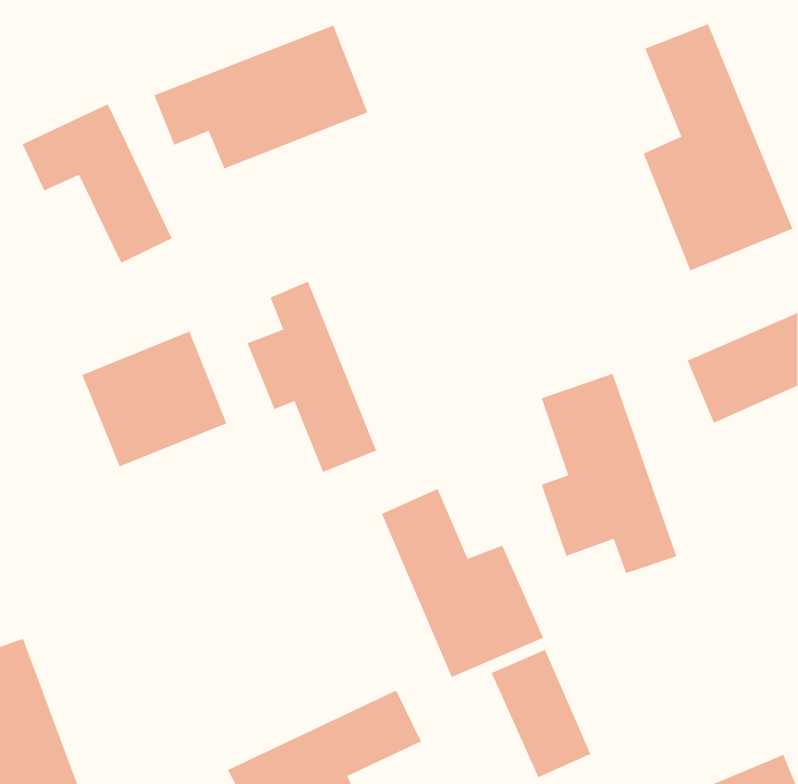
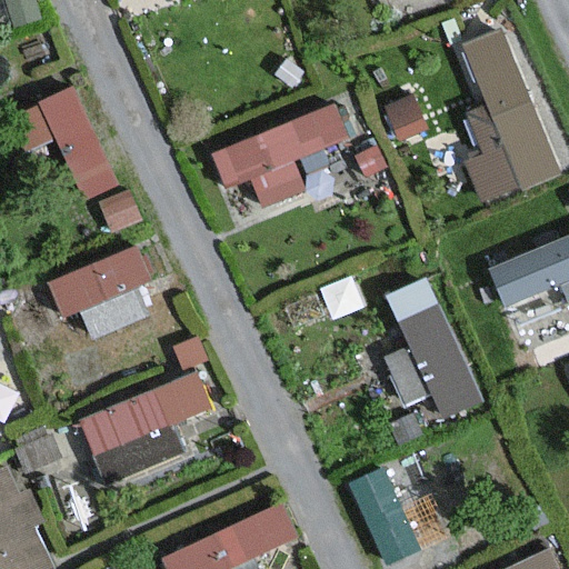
building: [153,25,368,169] -> [210,102,362,204]
building: [247,281,377,473] -> none
building: [381,488,544,678] -> none
building: none -> [79,368,217,485]

